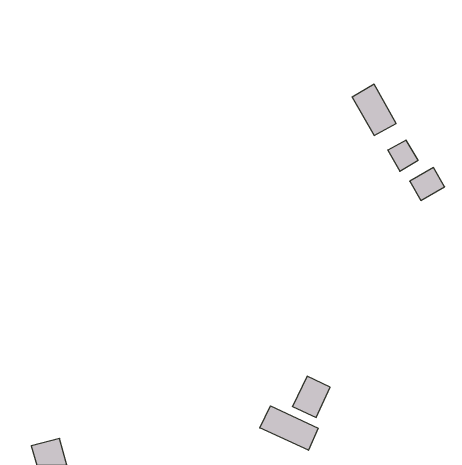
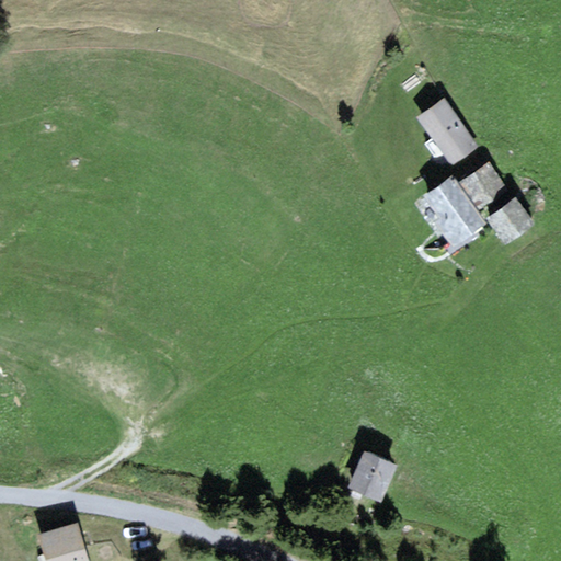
building: none -> [423,179,479,241]
building: [260,406,318,450] -> none

